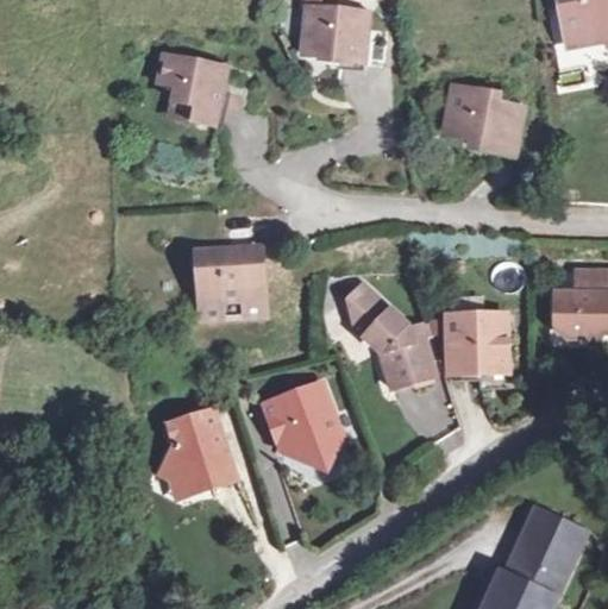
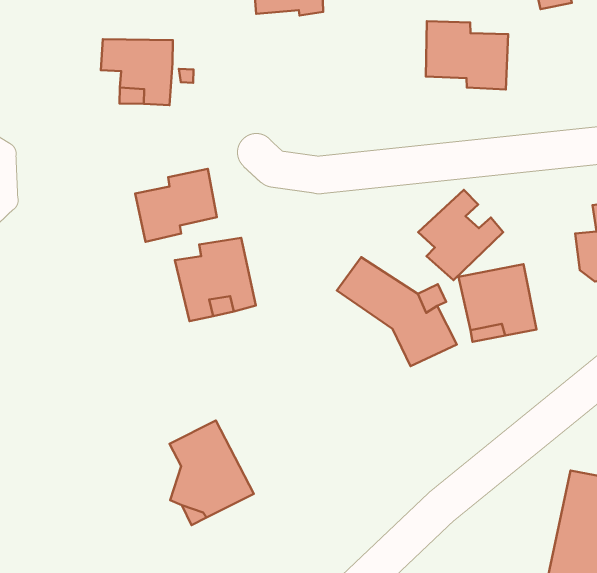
building: none -> [135,169,217,242]
building: none -> [418,190,503,280]
building: [263,381,341,462] -> none

